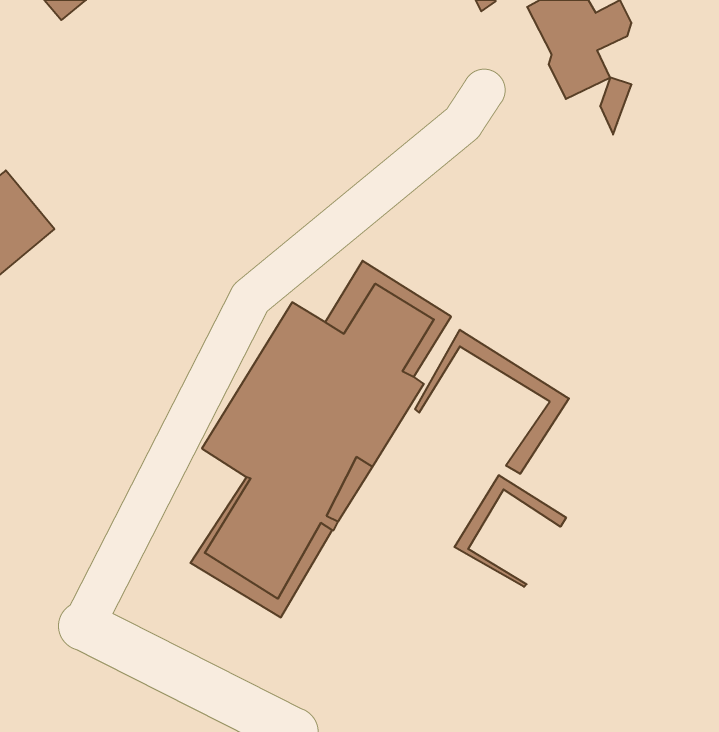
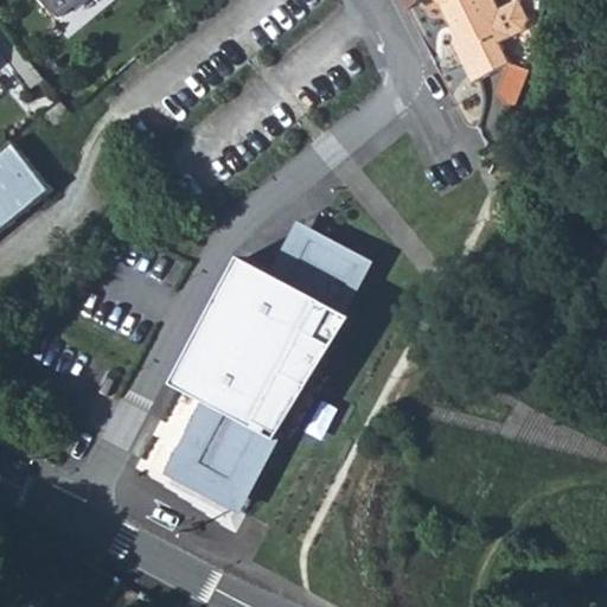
building: [415,330,569,474] -> none
building: [454,475,566,587] -> none

